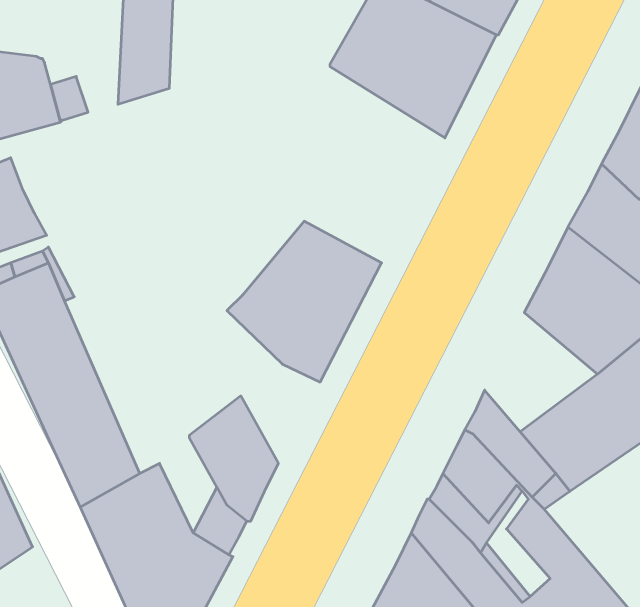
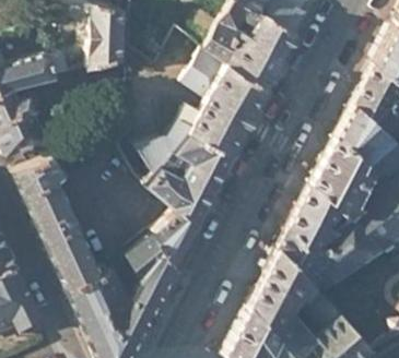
building: none -> [138,51,269,177]
building: none -> [291,187,353,252]
building: none -> [156,215,200,270]

